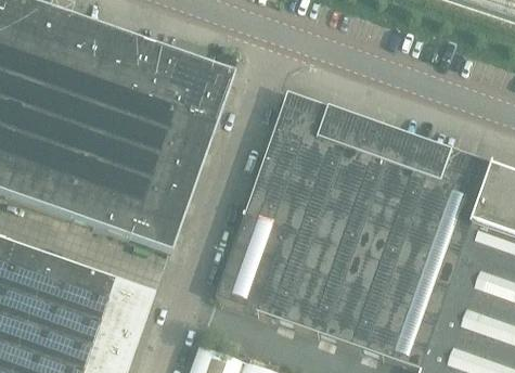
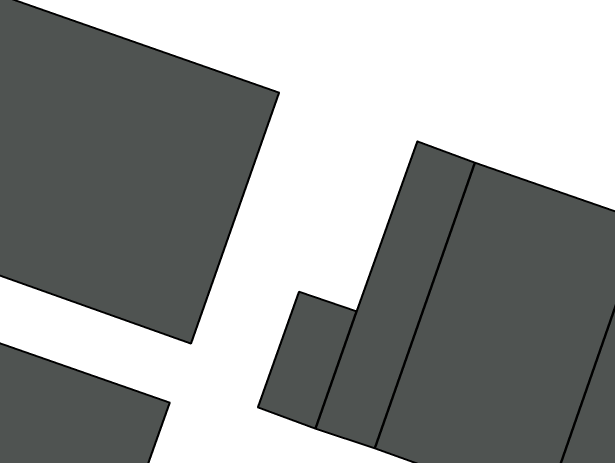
building: [245,89,330,226] -> none

